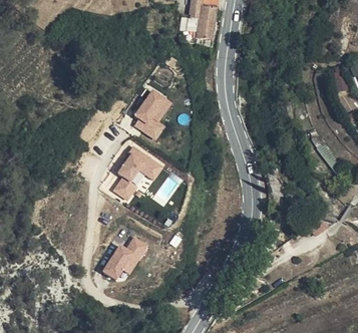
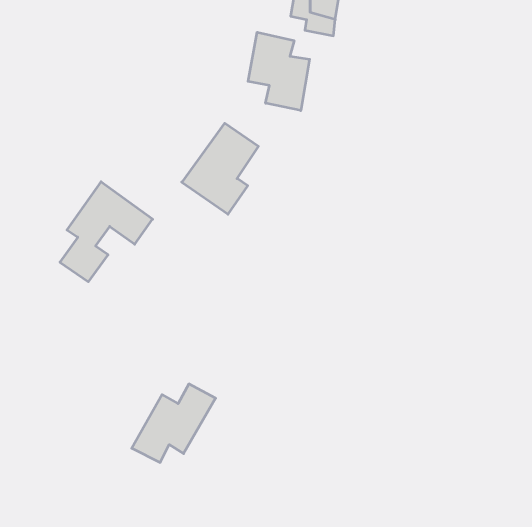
building: none -> [248,32,310,111]
building: [110,145,162,202] -> [60,182,153,282]

